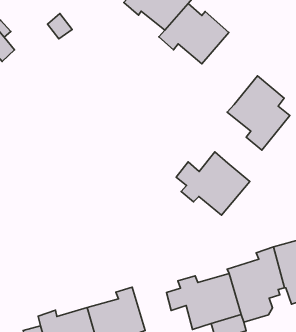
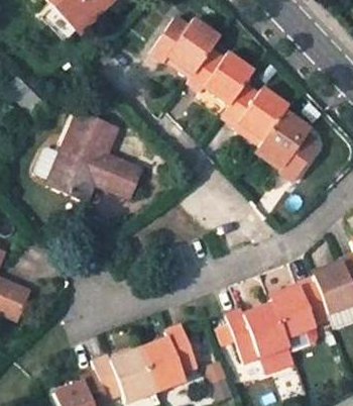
building: none -> [221,83,287,141]
building: none -> [47,111,144,201]
building: [176,152,250,215] -> none

